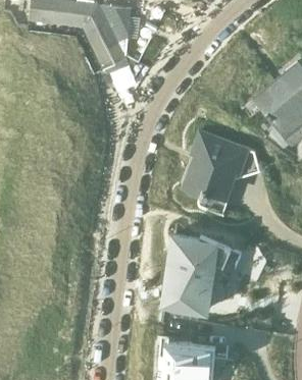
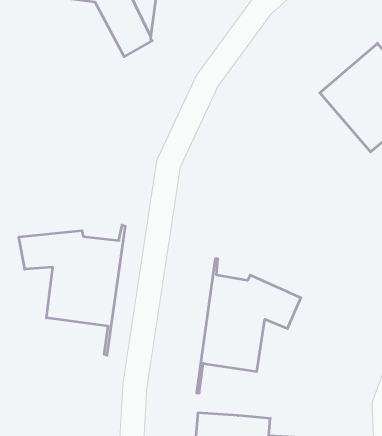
building: [182,131,260,215] -> none
building: none -> [19,225,125,355]

